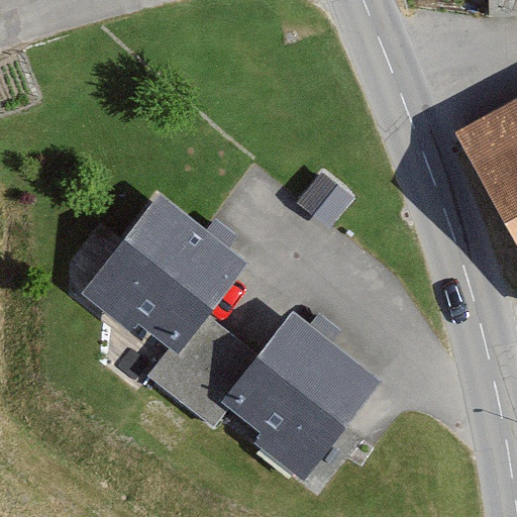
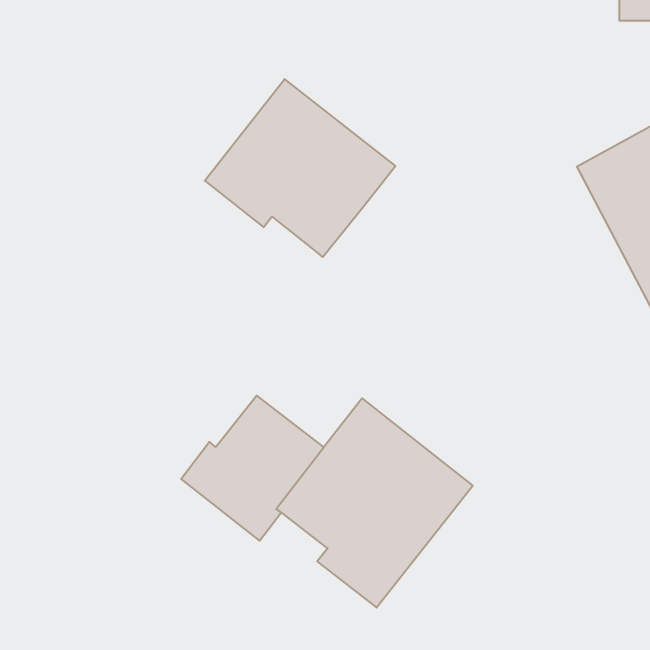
building: none -> [205,79,395,257]
building: [81,193,246,351] -> none

